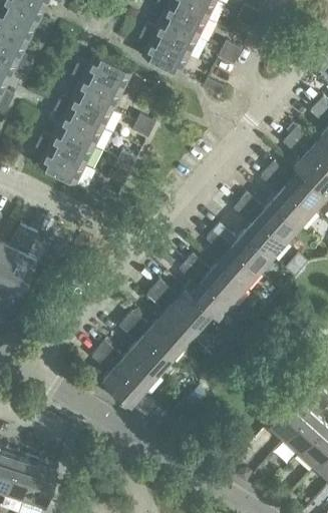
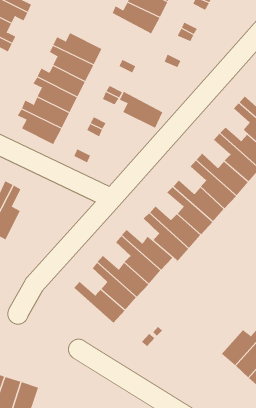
building: [136,32,188,75] -> [119,91,163,129]
building: [90,350,143,407] -> none

